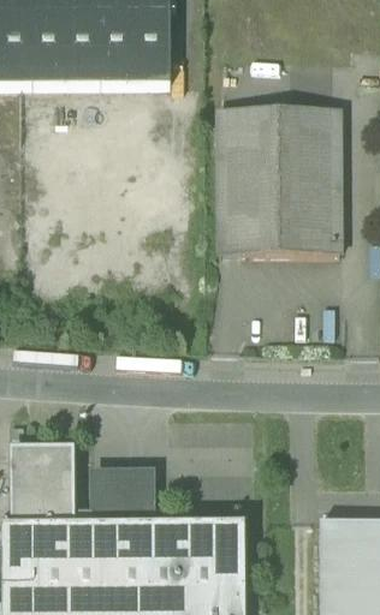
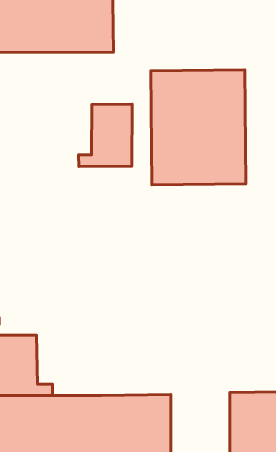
building: none -> [79,104,132,167]
building: [93,467,155,525] -> none

